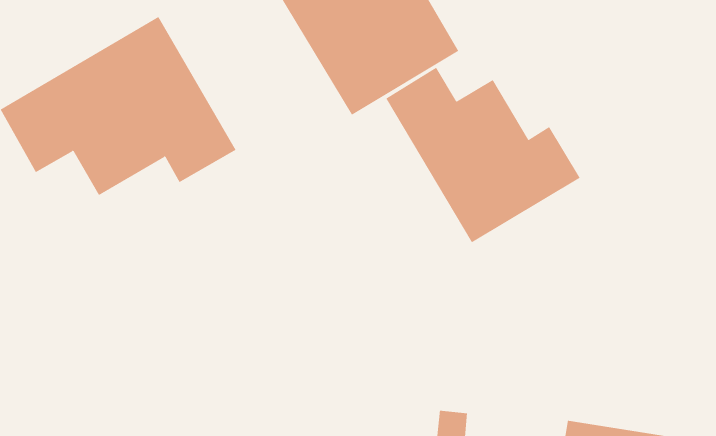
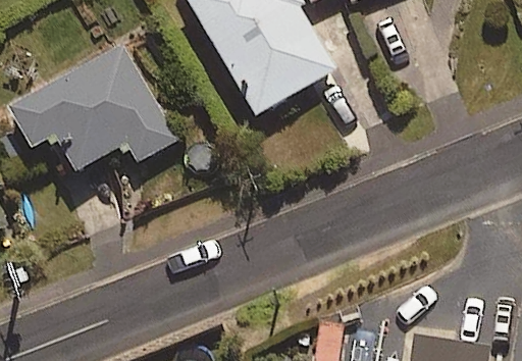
building: [386,67,580,243] -> none

